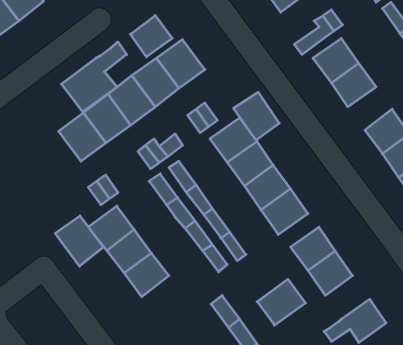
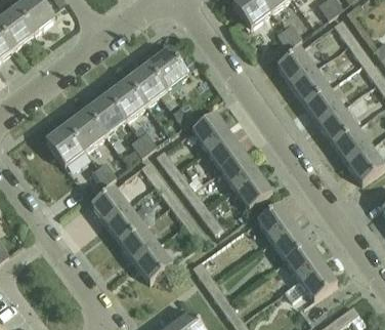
building: [130,15,172,57] -> none
building: [61,42,127,112] -> none
building: none -> [304,87,341,123]
building: [234,92,279,140] -> none
building: none -> [44,124,84,164]
building: [55,216,103,266] -> none
building: none -> [134,243,172,281]
building: [257,279,306,325] -> [283,243,323,281]

